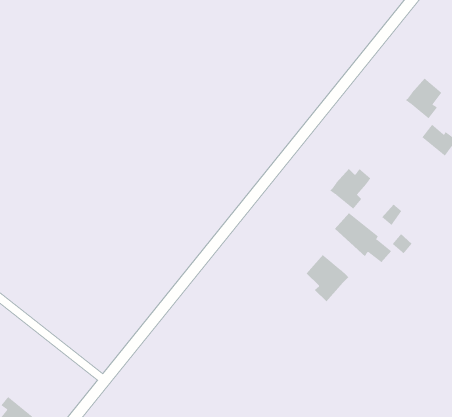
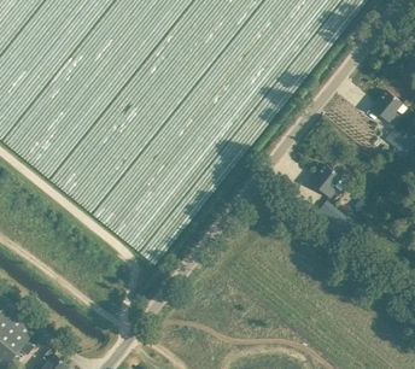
building: [306,254,349,302] -> none

